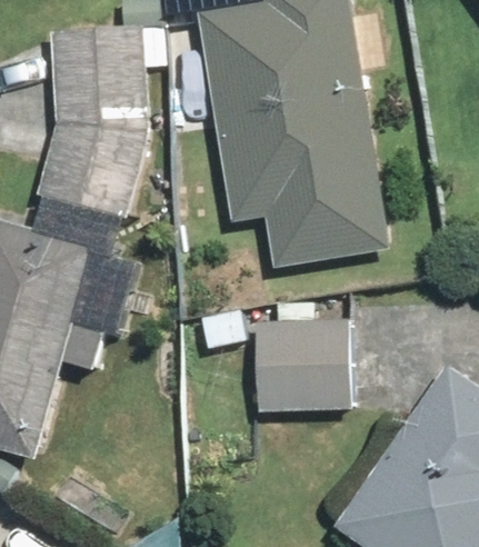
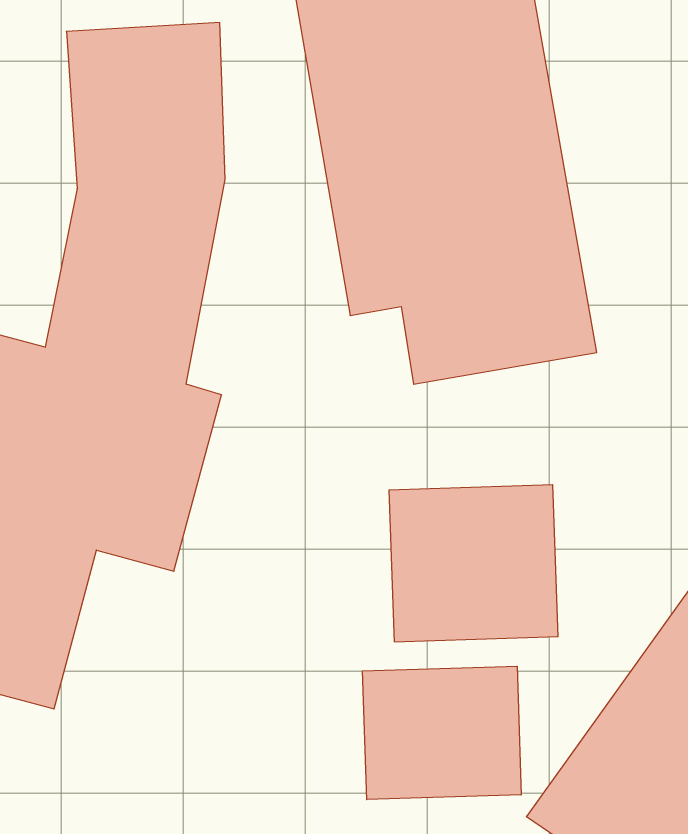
building: none -> [363,666,521,800]

